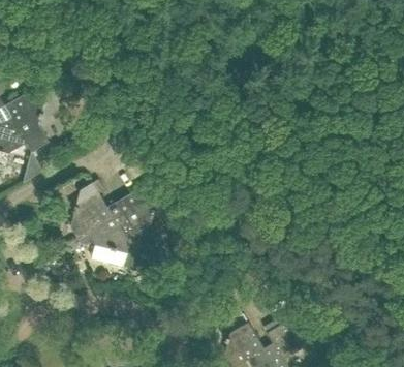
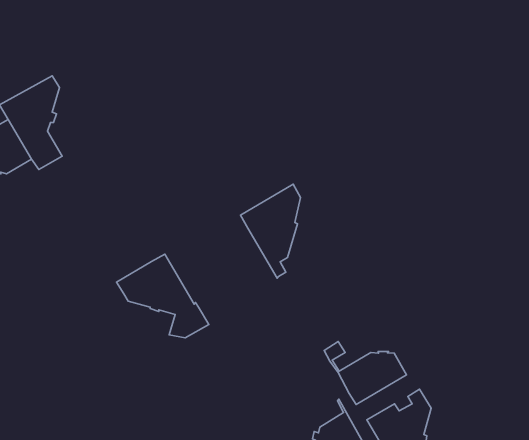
building: [68,181,108,238] -> none
building: [113,181,155,247] -> [241,184,301,278]
building: none -> [324,341,407,404]

